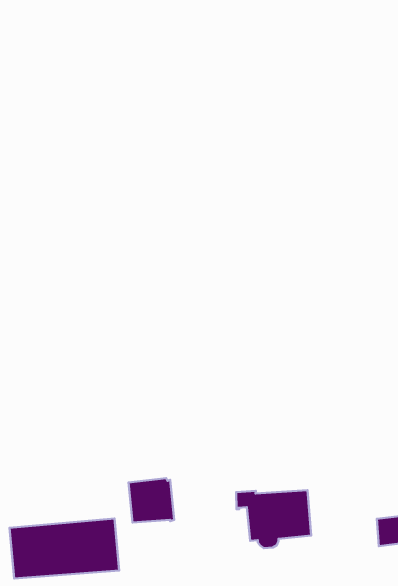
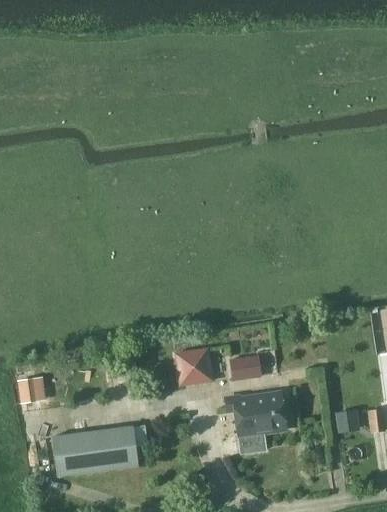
building: none -> [231,356,263,380]
building: [129,478,174,523] -> [178,348,215,384]

